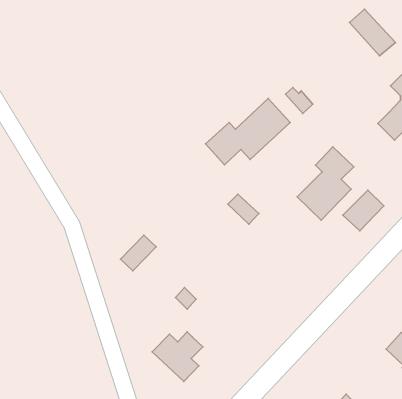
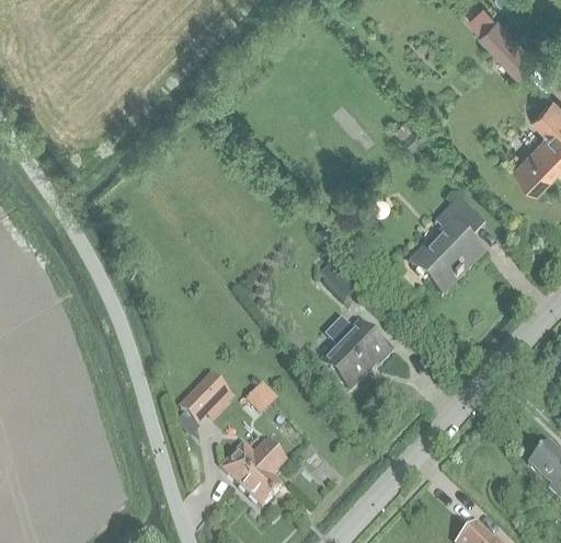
building: [205,98,290,165] -> none
building: [343,190,384,231] -> none
building: [120,235,156,271] -> [181,374,228,421]
building: none -> [321,319,392,389]

